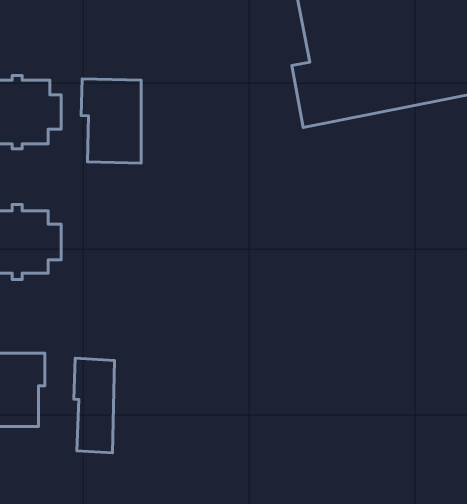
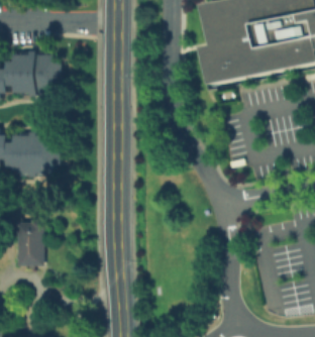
building: [81,79,141,163] -> none
building: [74,358,115,453] -> none

